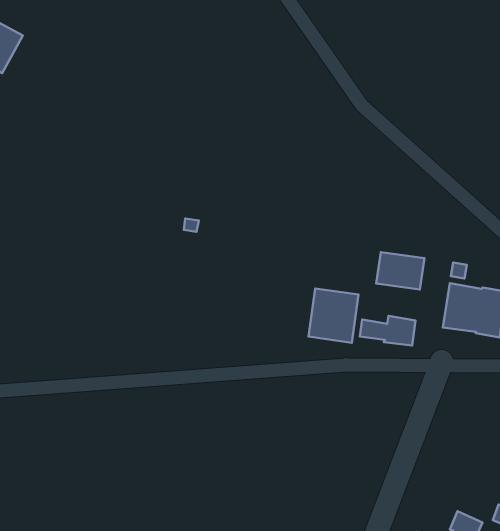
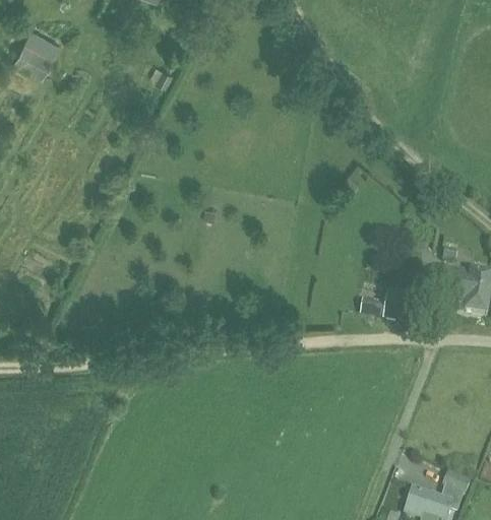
building: [376,252,424,290] -> none
building: [309,288,359,343] -> none

